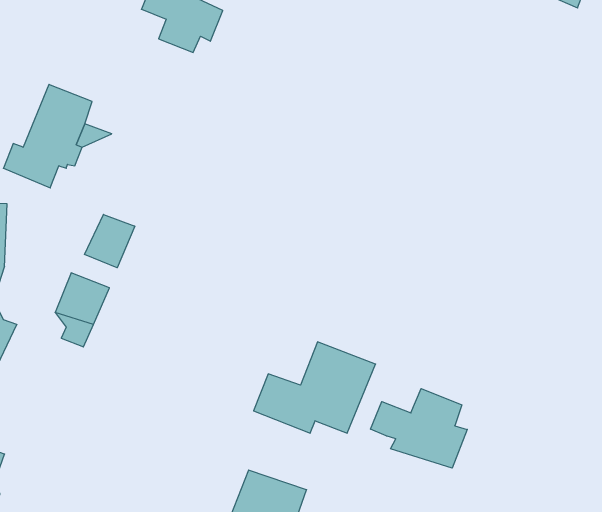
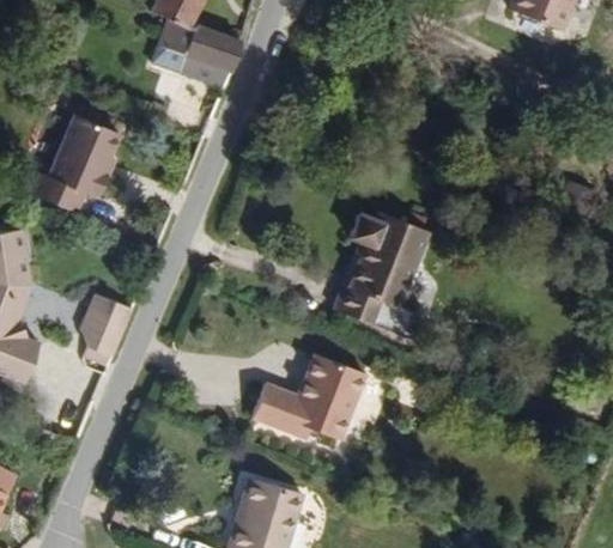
building: none -> [340,214,439,341]
building: [85,214,135,268] -> none
building: [371,389,467,468] -> none

